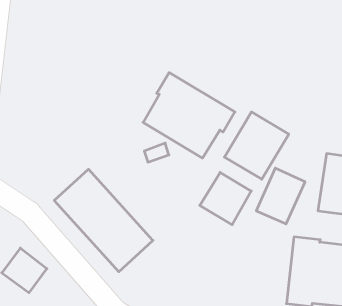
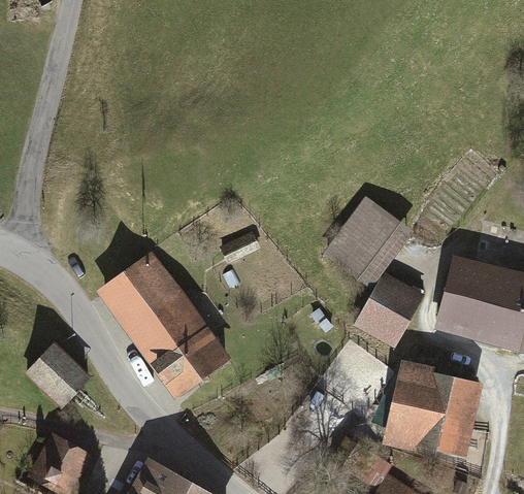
building: [143,73,235,158] -> none
building: [200,172,251,225] -> none

